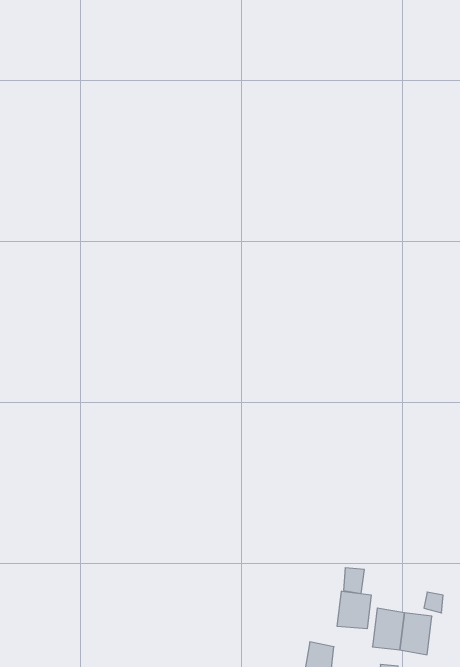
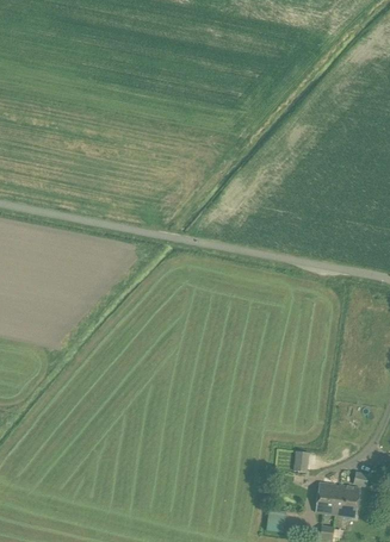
building: [337,591,371,629] -> none

